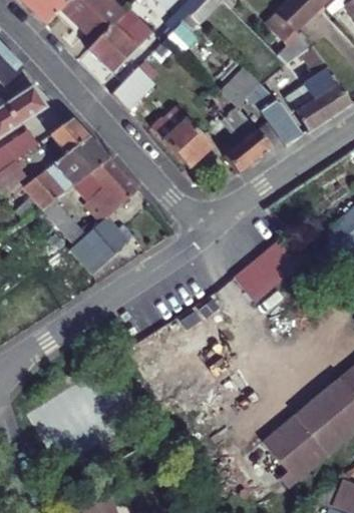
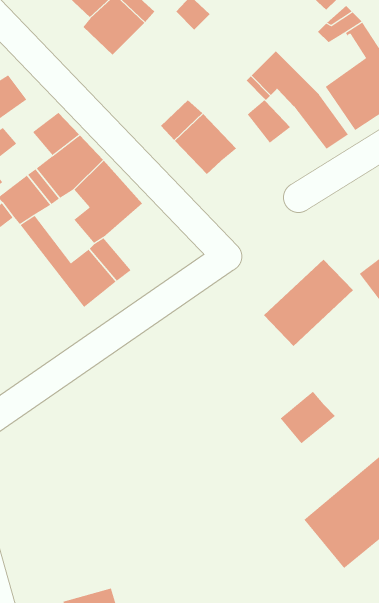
building: [111,63,153,108] -> none
building: [222,128,270,171] -> none
building: none -> [280,391,336,444]

